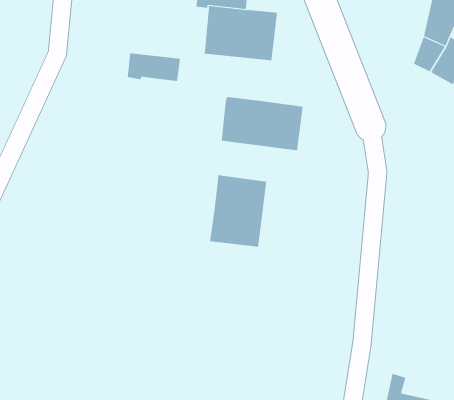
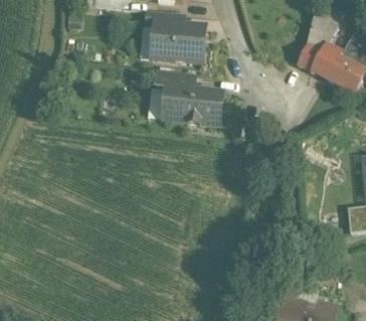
building: [127,53,181,81] -> [157,71,195,92]
building: [209,174,267,247] -> none

